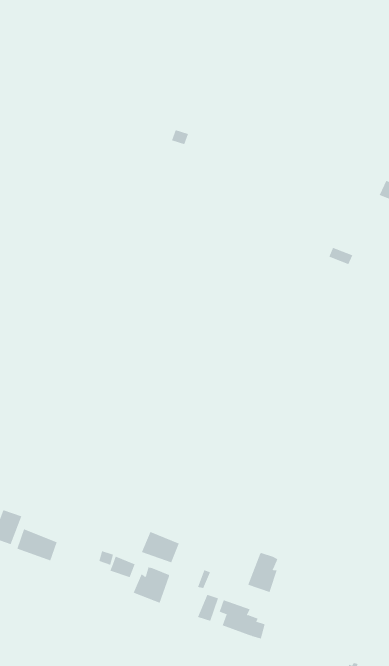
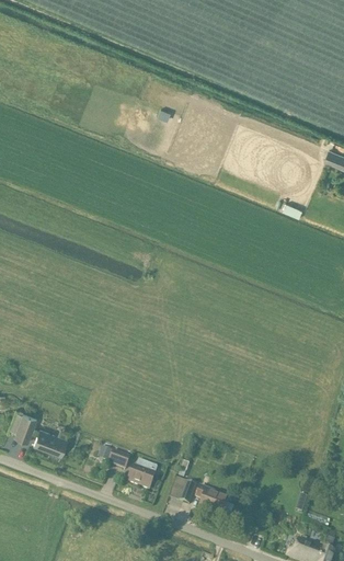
building: [141,531,180,563] -> none
building: [248,552,278,593] -> none

